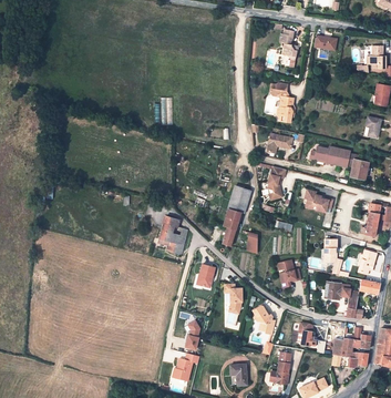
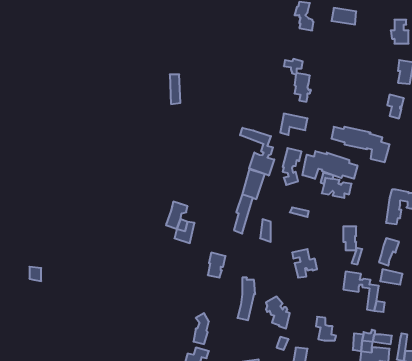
building: none -> [240,128,274,176]
building: none -> [302,151,357,179]

